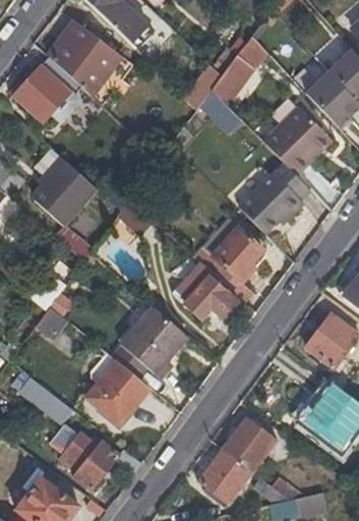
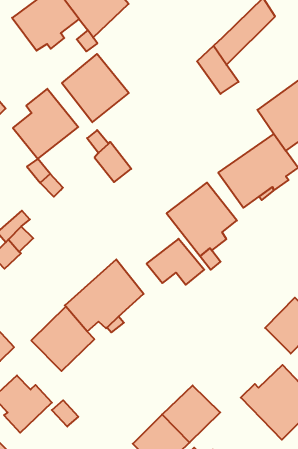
building: none -> [62,54,129,122]

